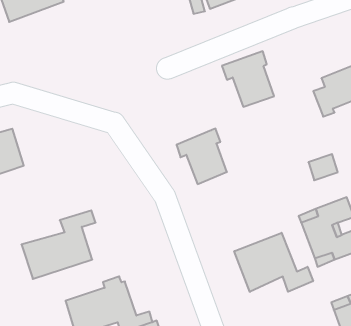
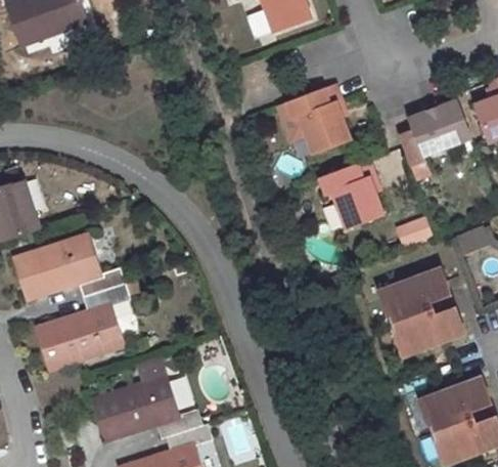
building: [176,129,227,184] -> [319,156,382,225]
building: none -> [11,235,122,299]
building: [234,233,313,292] -> none

